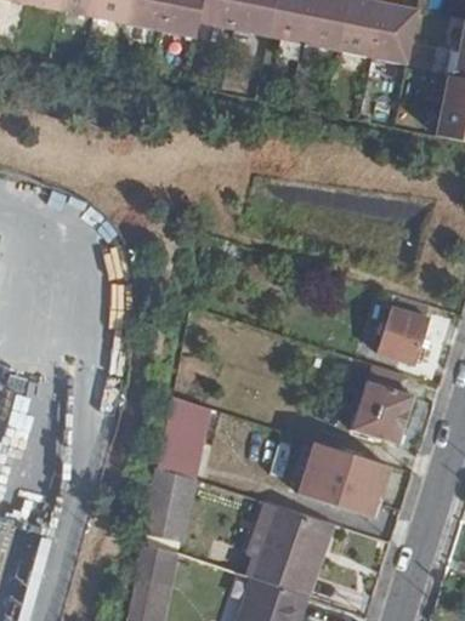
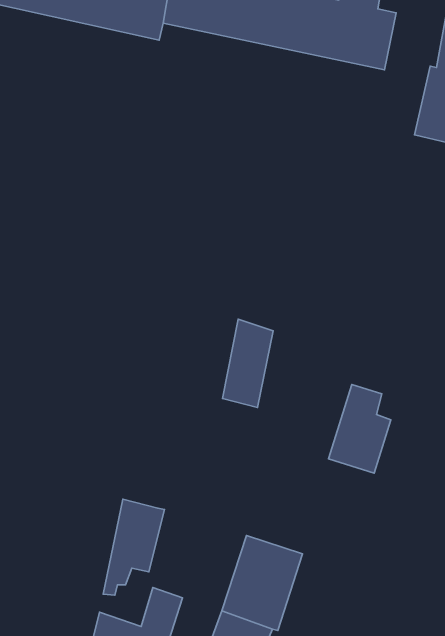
building: [379,304,430,361] -> none
building: [160,394,208,477] -> [222,319,273,408]
building: [295,439,387,514] -> none

